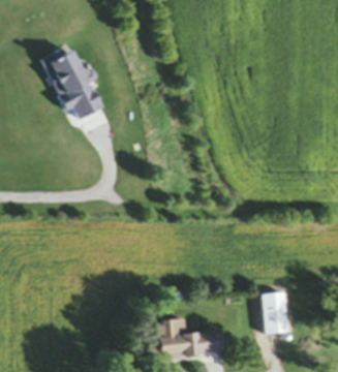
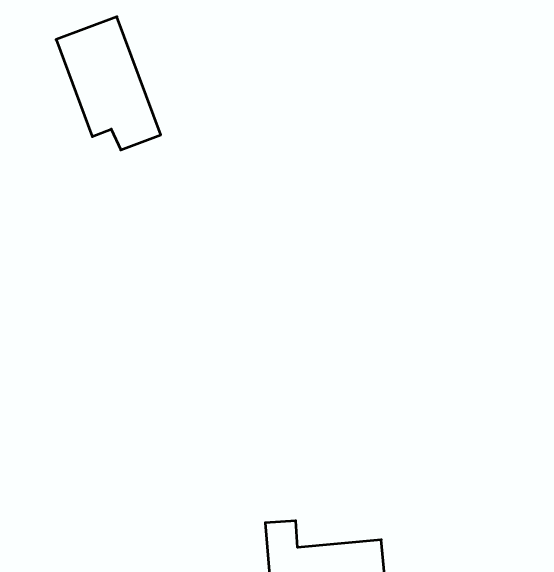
building: [260,292,287,336] -> none

